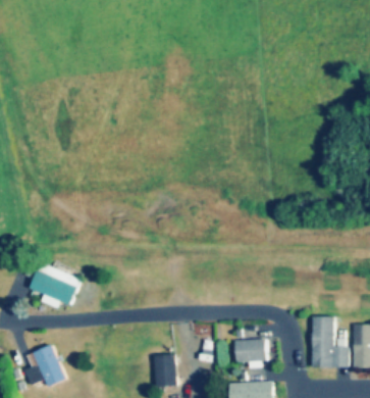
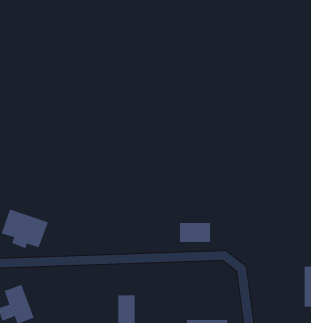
building: [312,316,348,367] -> none
building: [233,340,267,361] -> [179,222,211,243]

